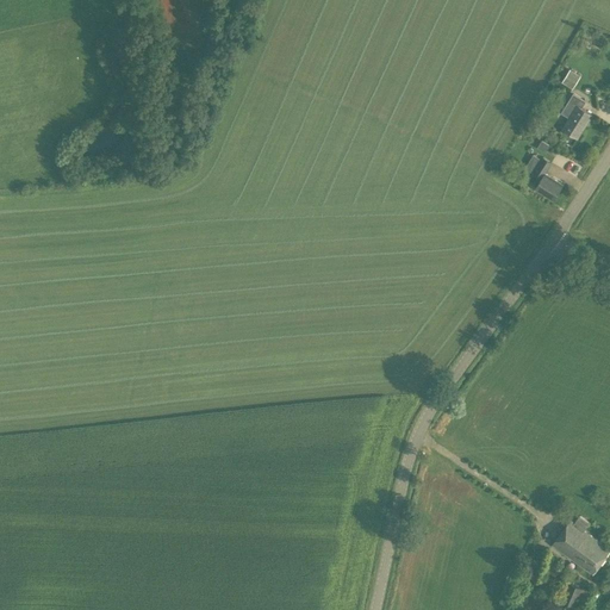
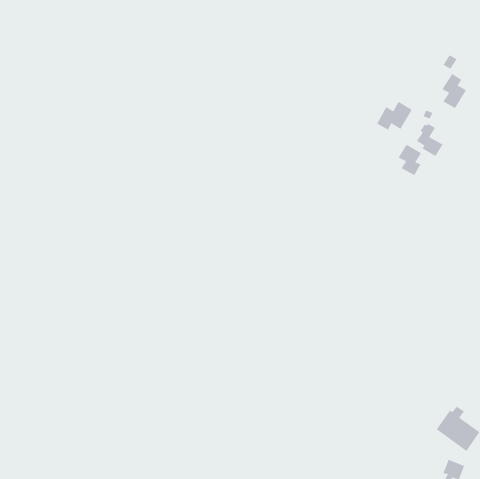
building: none -> [376,101,412,130]
building: none -> [398,144,422,176]

